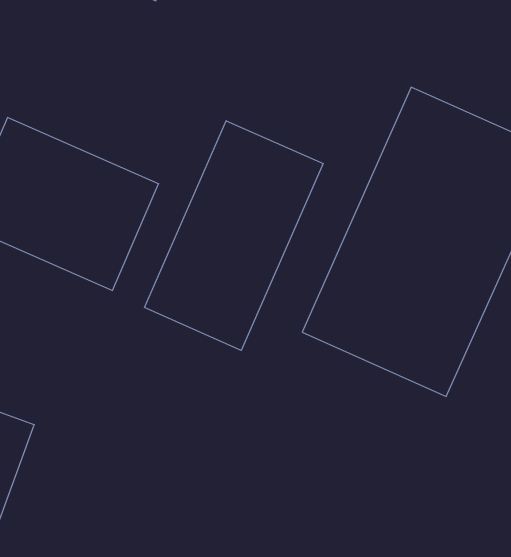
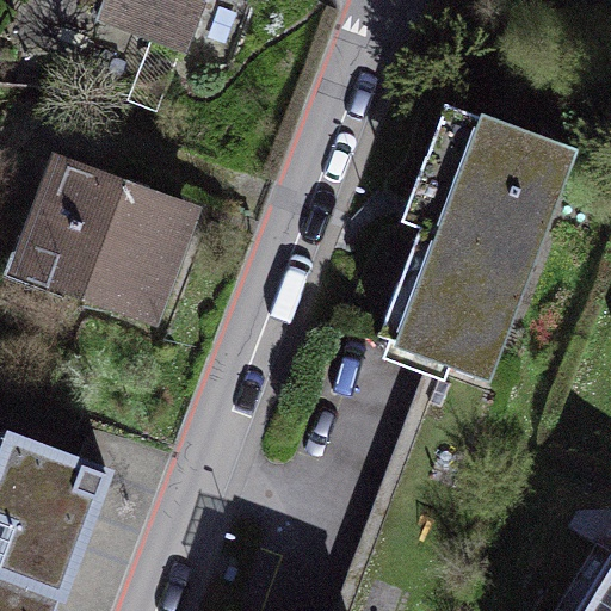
building: [145,121,323,350] -> none

